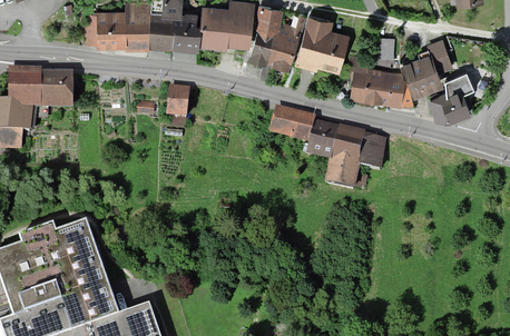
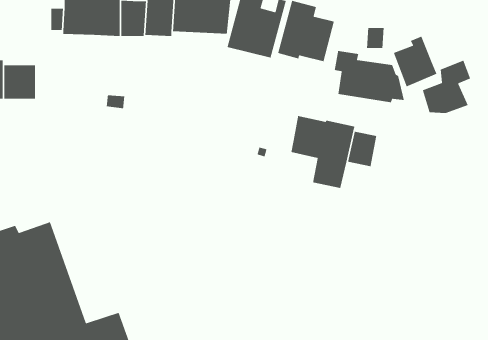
building: [428,38,454,71] -> none
building: [166,85,189,127] -> none
building: [269,105,316,144] -> none

